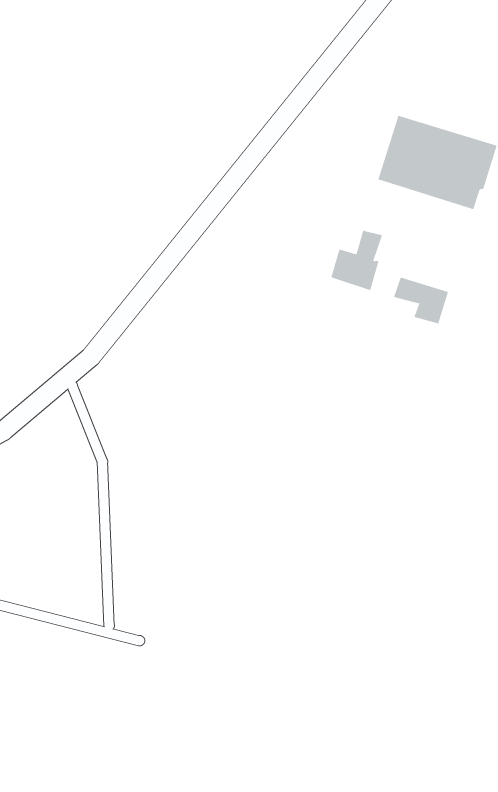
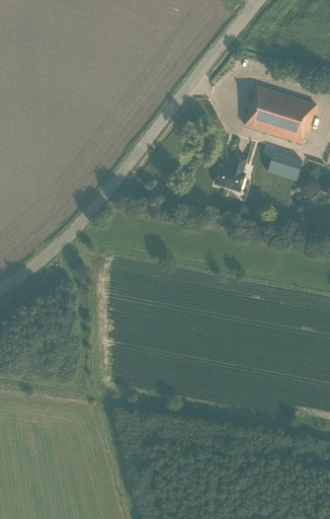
building: [393,277,449,324] -> [268,151,302,179]

